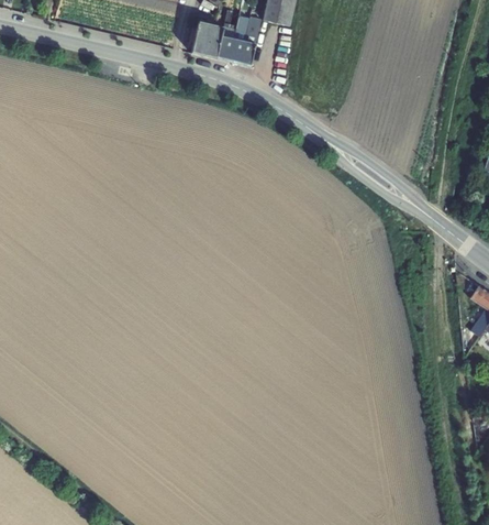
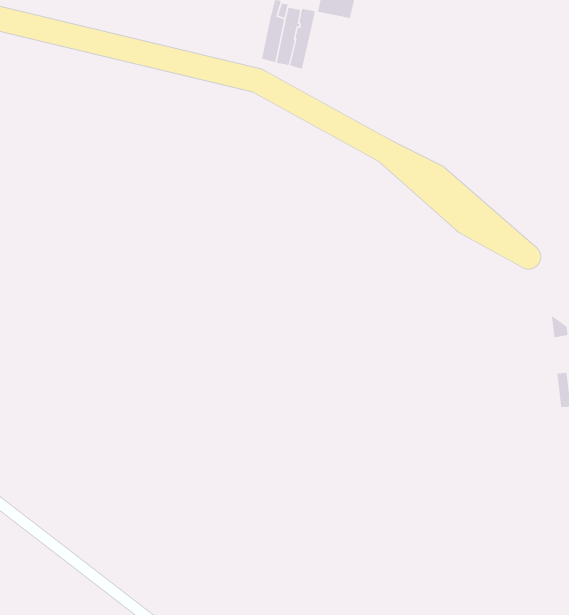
building: [192,17,224,57] -> none

